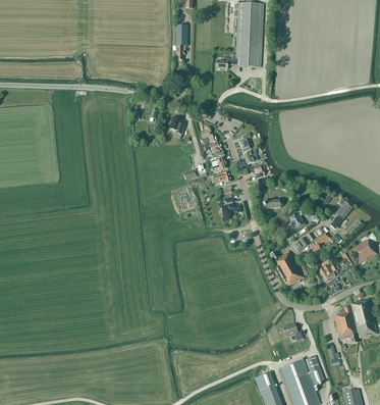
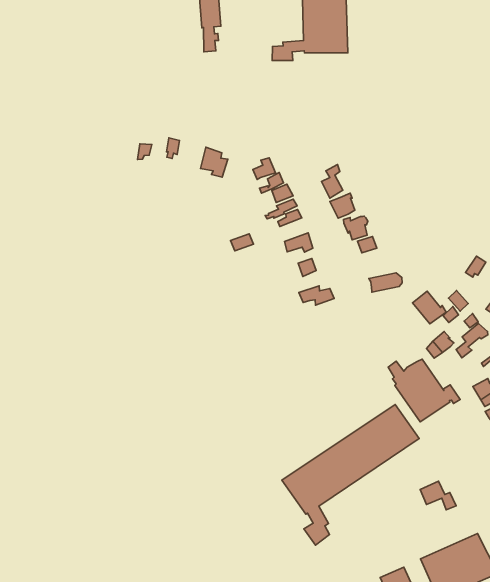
building: none -> [282,405,419,545]

